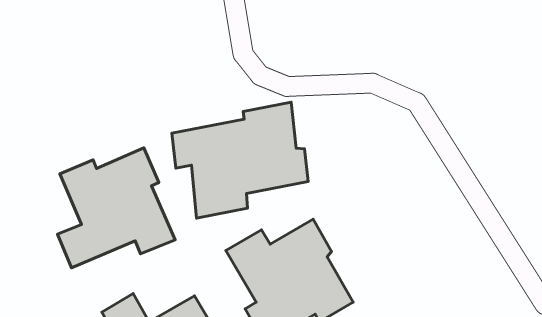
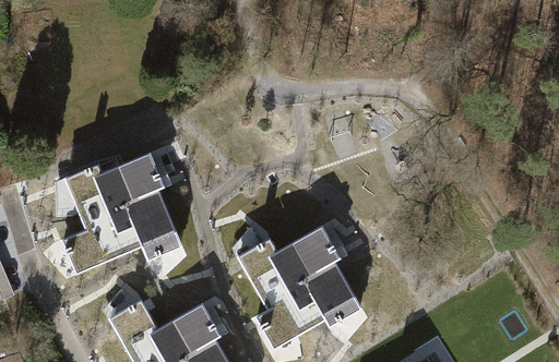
building: [172,102,308,218] -> none

